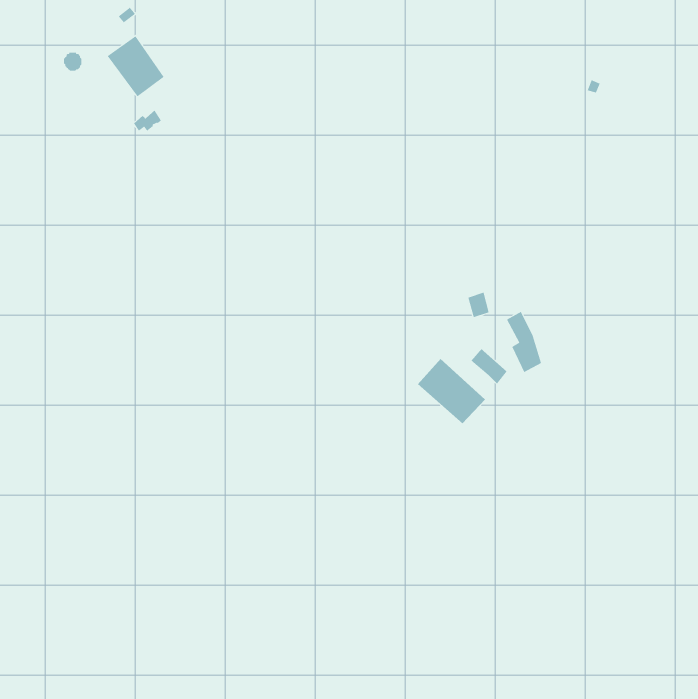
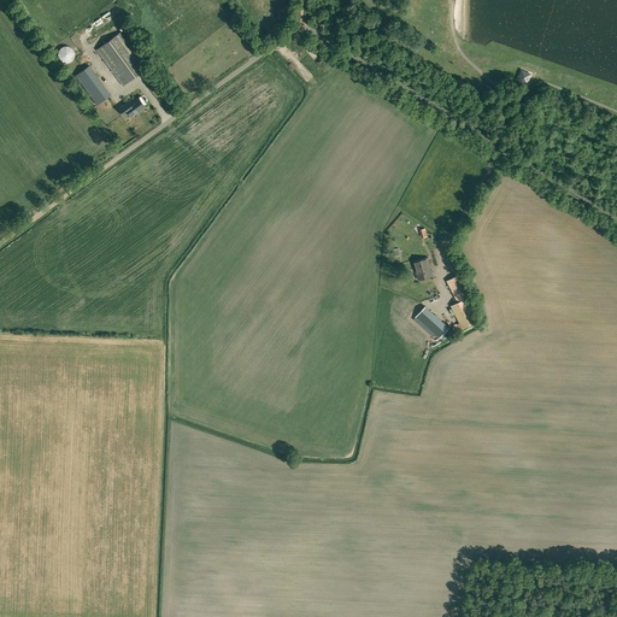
building: none -> [74,66,108,106]
building: [417,358,486,424] -> none

